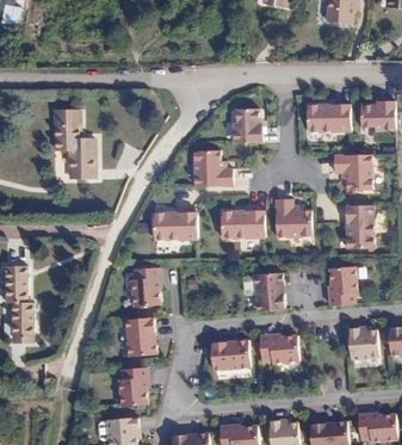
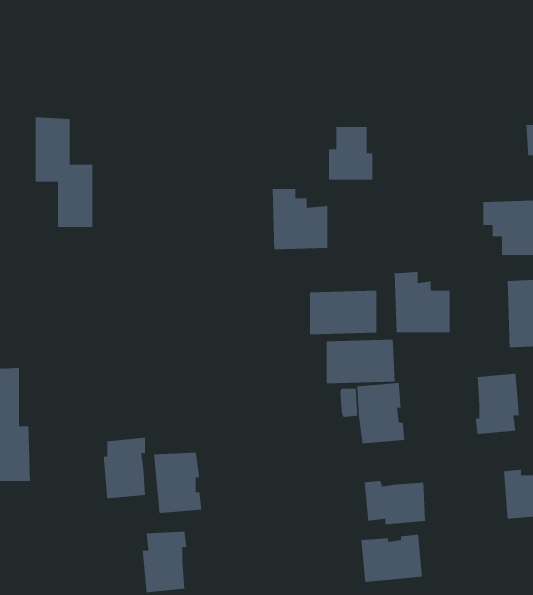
building: [307,106,351,135] -> none
building: [155,214,199,242] -> [326,339,395,384]
building: [131,265,159,304] -> [103,437,146,499]
building: [209,338,248,369] -> [361,534,423,583]

